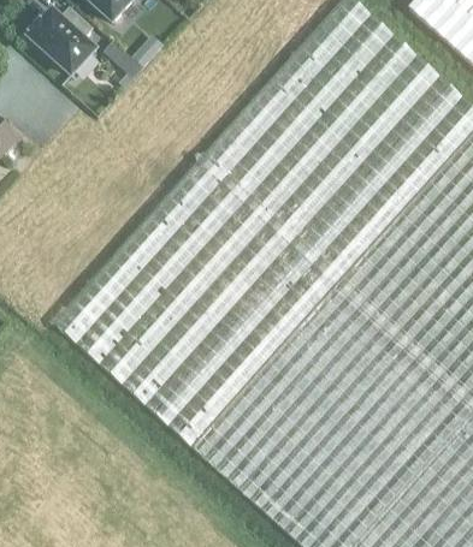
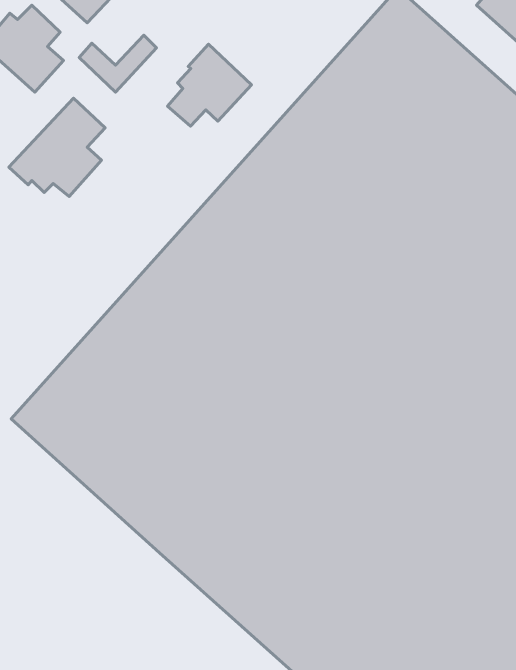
building: none -> [168,44,251,126]
building: none -> [9,98,105,197]

